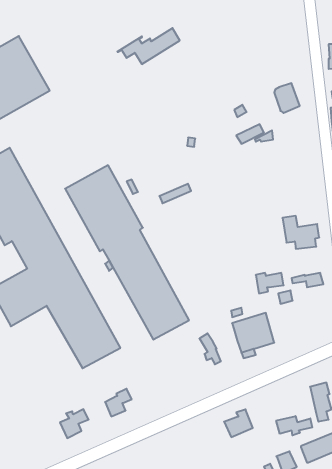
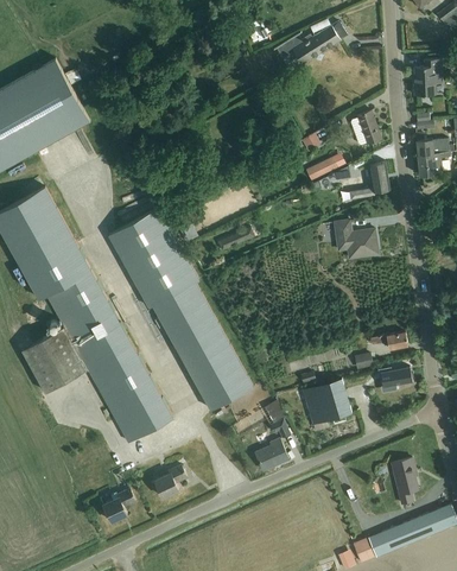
building: [117,28,180,64] -> [272,21,344,63]
building: none -> [349,161,389,199]
building: [282,216,319,249] -> [334,220,376,258]
building: [256,273,284,293] -> [380,367,412,391]
building: [224,409,253,437] -> [254,438,287,470]
building: [276,416,312,435] -> none

